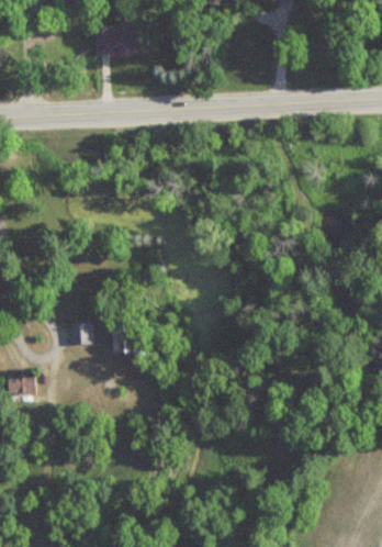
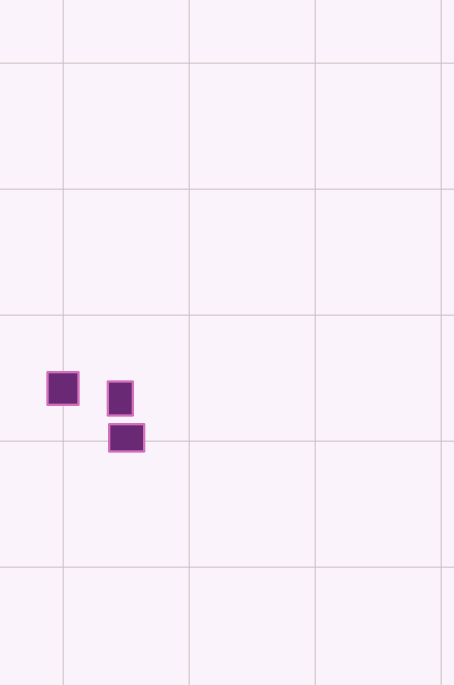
building: none -> [109,424,144,451]

